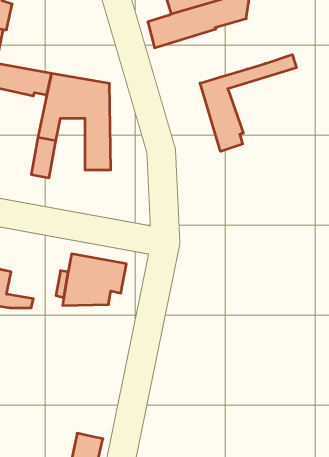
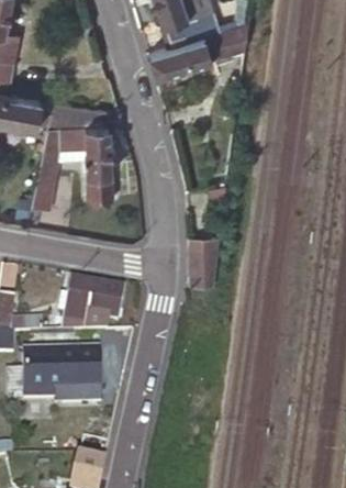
building: [200,55,296,151] -> none
building: none -> [187,234,217,282]
building: none -> [21,353,99,404]

